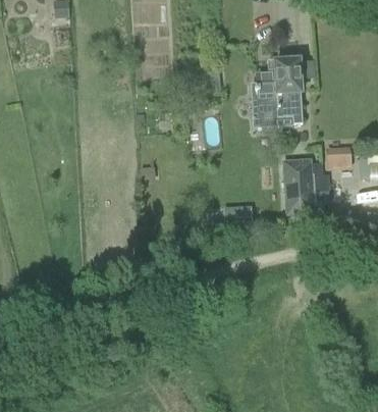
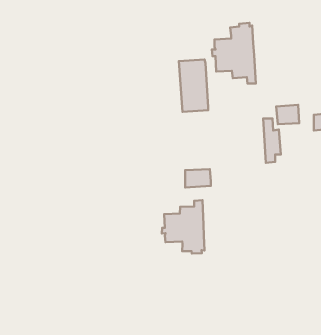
building: [281,157,314,215] -> [179,59,208,112]
building: none -> [162,200,204,253]

